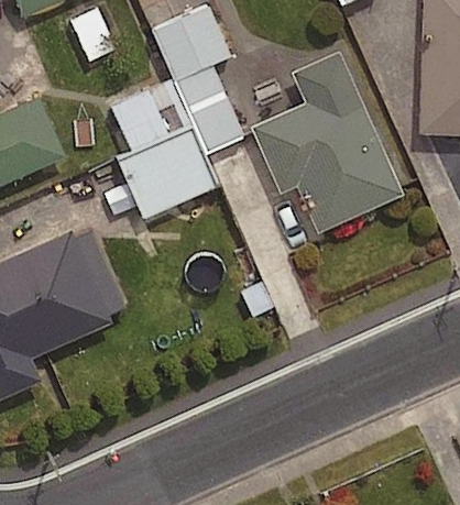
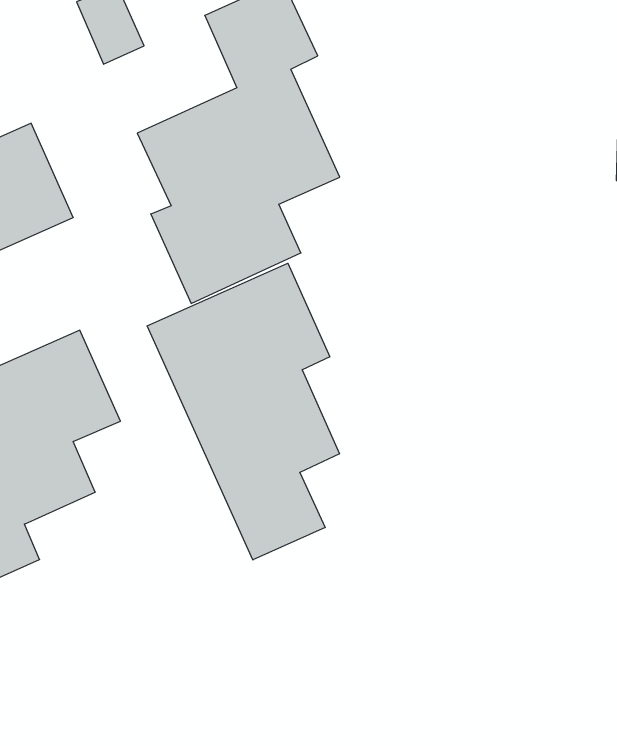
building: [252,51,405,233] -> none
building: none -> [147,263,339,560]

